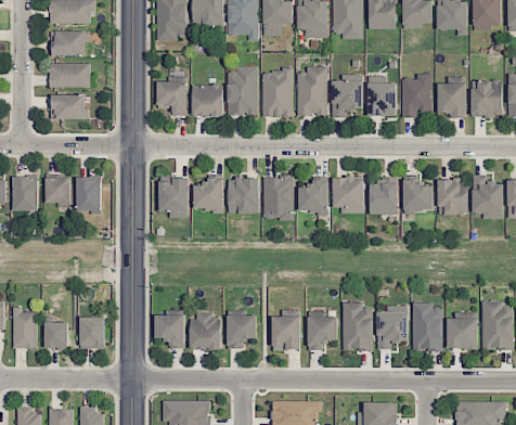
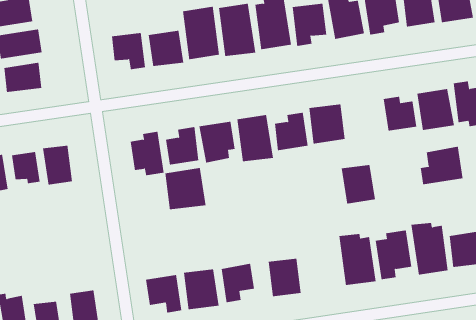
building: [369,179,397,214] -> [341,165,376,204]
building: none -> [165,167,206,210]
building: none -> [420,146,463,185]
building: [307,317,337,350] -> none

